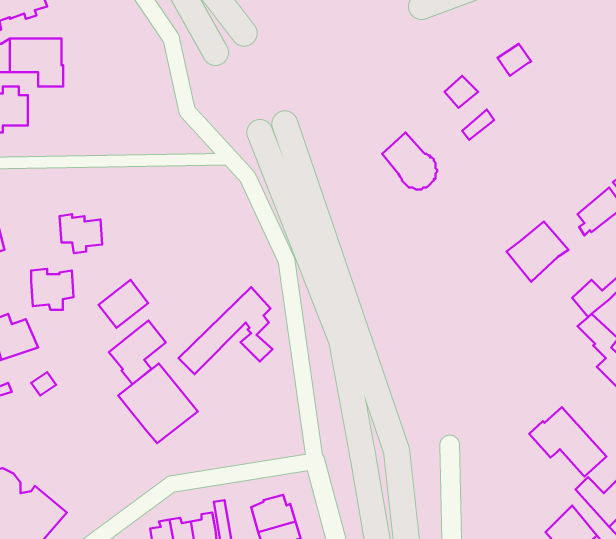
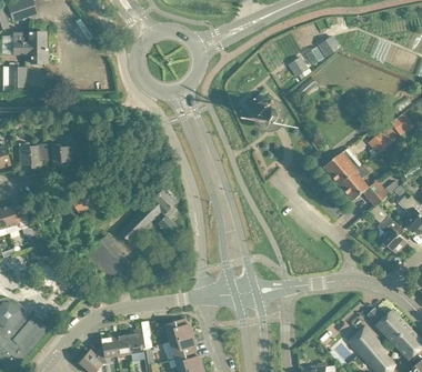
building: none -> [340,164,370,200]
building: [31,269,74,310] -> [19,142,46,168]
building: [109,321,166,384] -> none
building: [529,407,606,476] -> none

